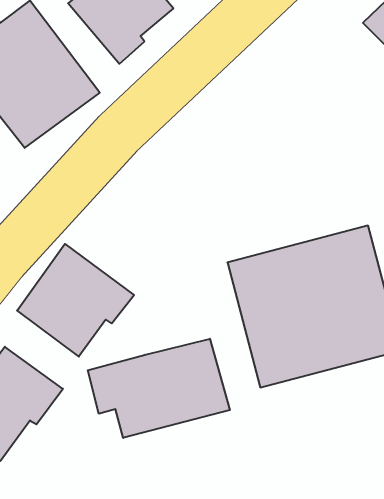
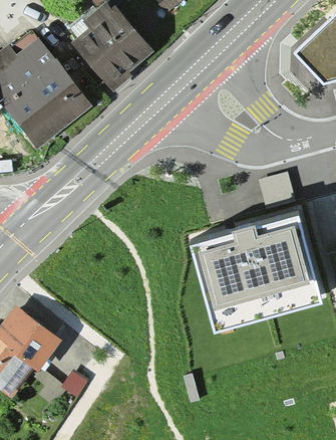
building: [17,244,134,357] -> none
building: [88,339,230,438] -> none

